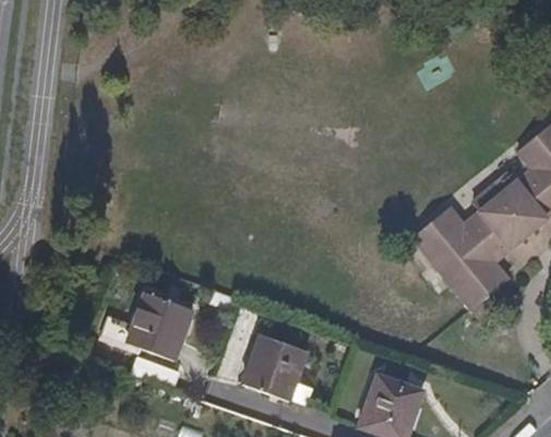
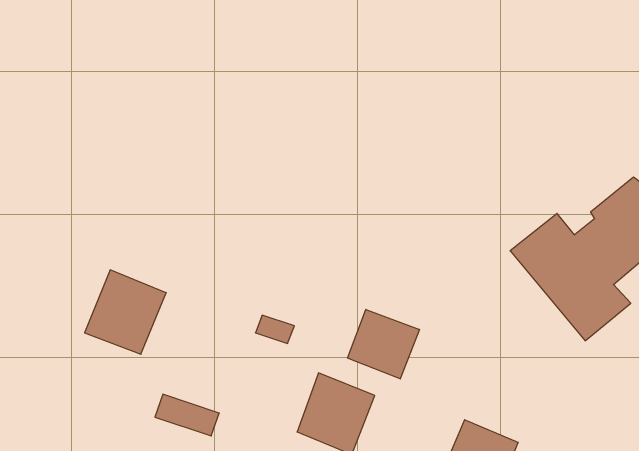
building: none -> [348,309,419,379]
building: [127,291,193,359] -> [85,270,166,354]

